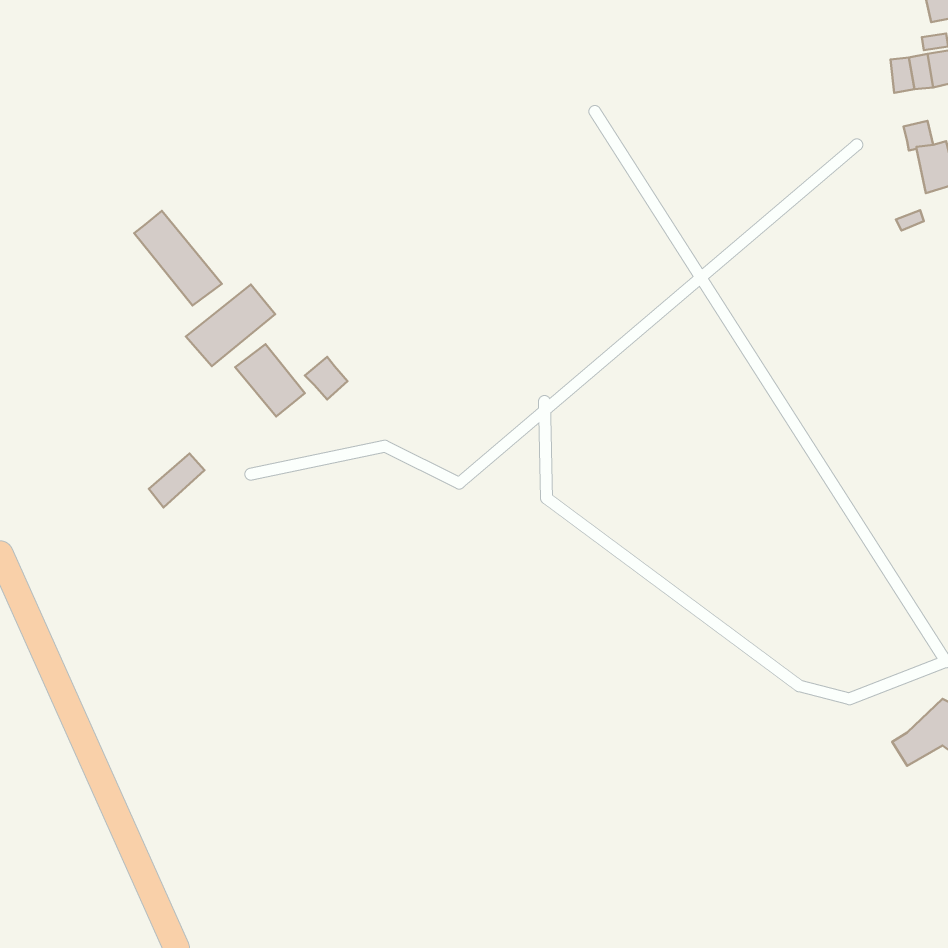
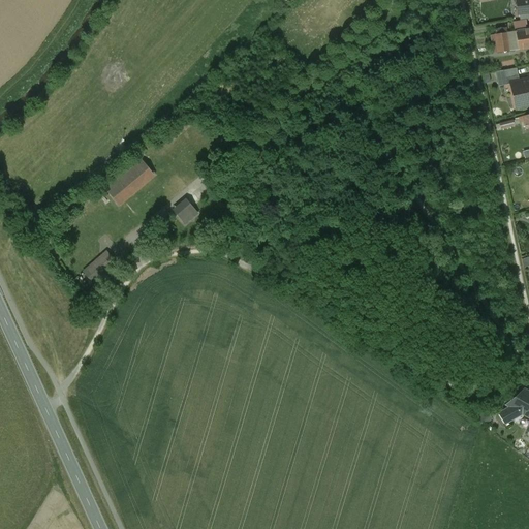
building: [134,211,222,306] -> none
building: [235,344,305,417] -> none

